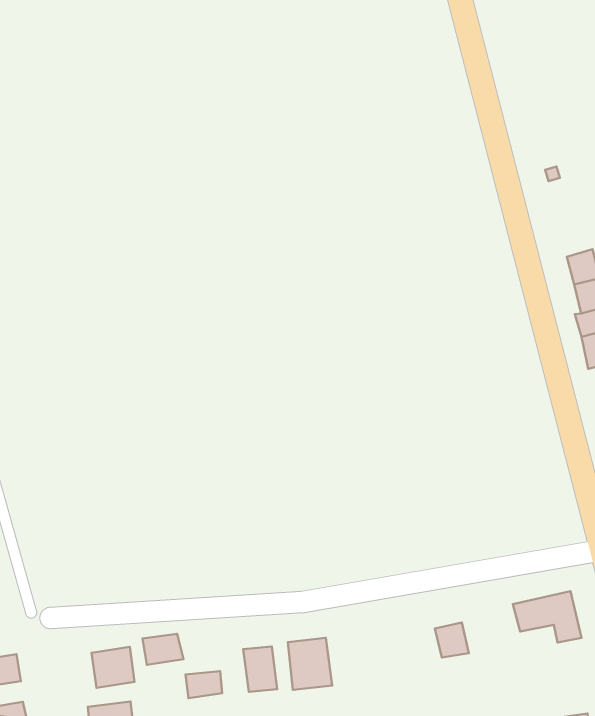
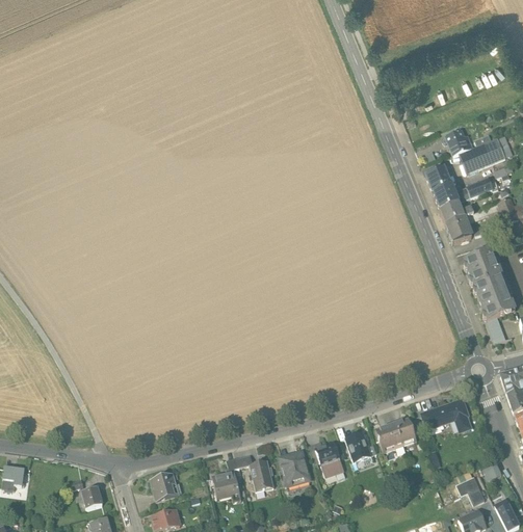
building: none -> [391,420,416,446]
building: none -> [343,429,372,466]
building: [142,634,183,665] -> none
building: none -> [317,449,344,478]

